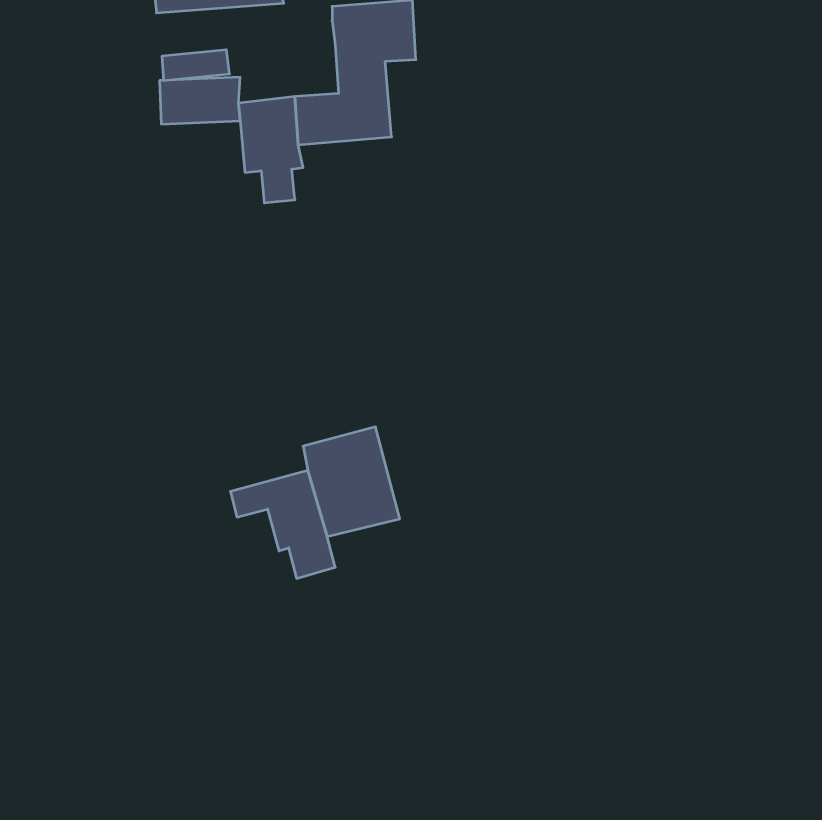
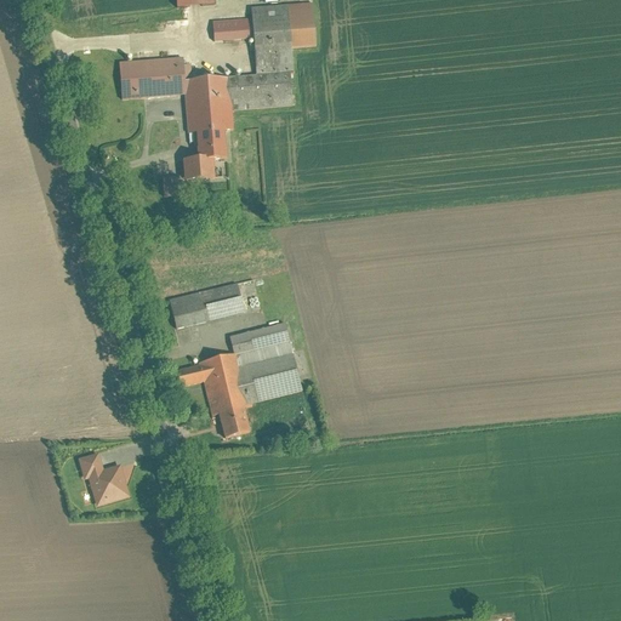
building: [162,50,230,80] -> [203,16,253,39]
building: none -> [182,152,212,178]
building: none -> [171,285,244,326]
building: none -> [79,452,129,506]

